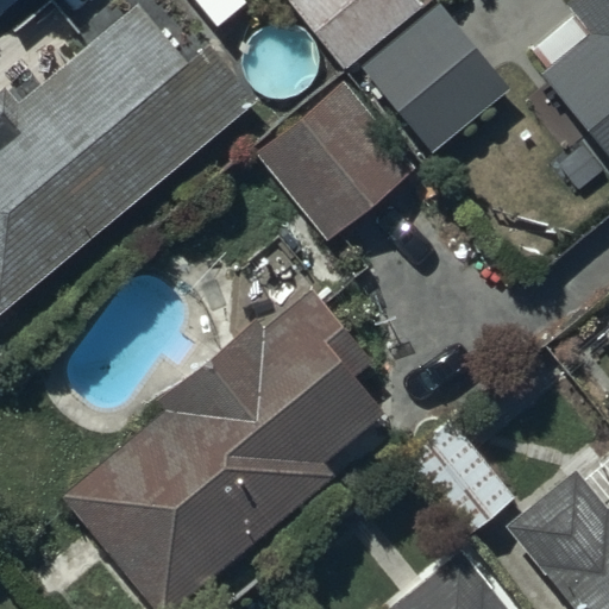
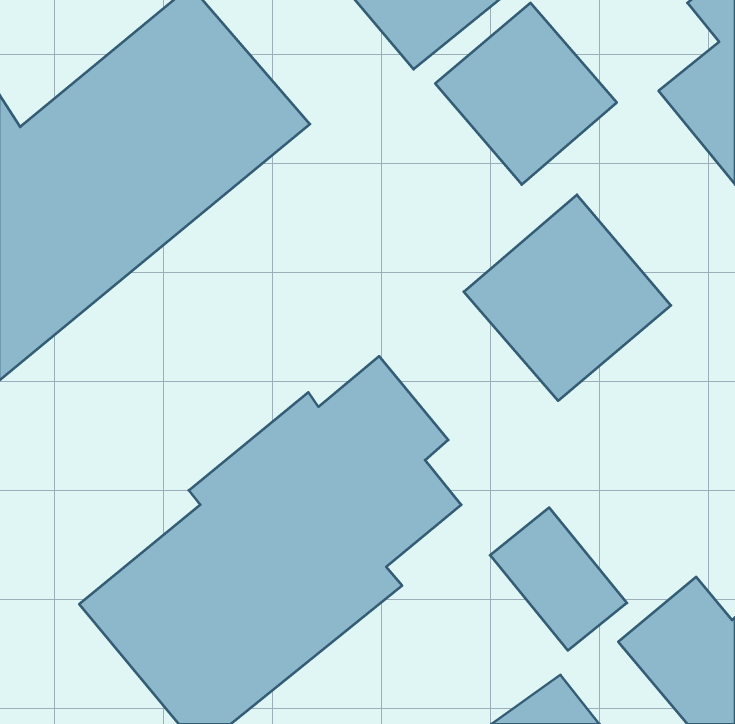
building: [256,76,417,237] -> none
building: none -> [464,195,671,401]

